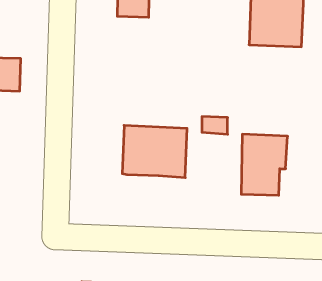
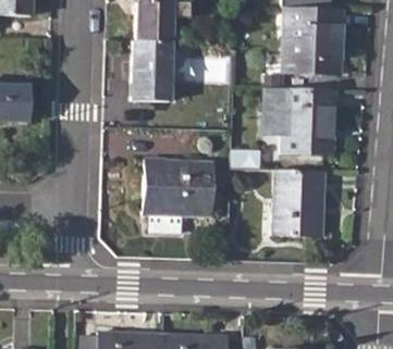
building: none -> [132,39,172,101]
building: none -> [263,88,336,155]

